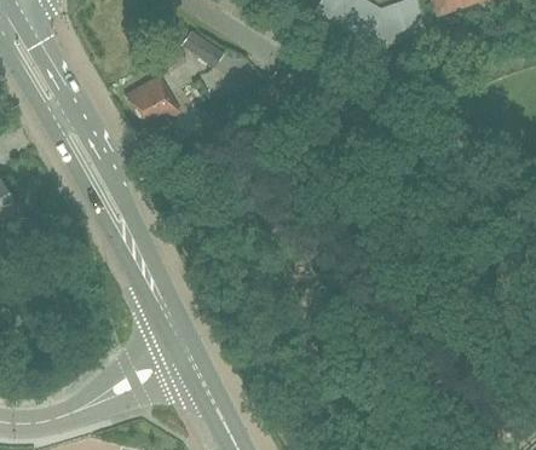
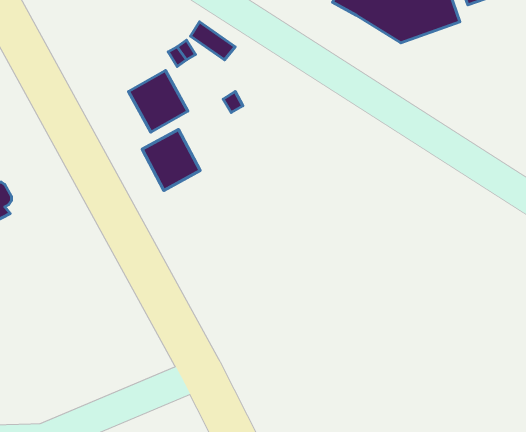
building: none -> [142,129,200,190]

